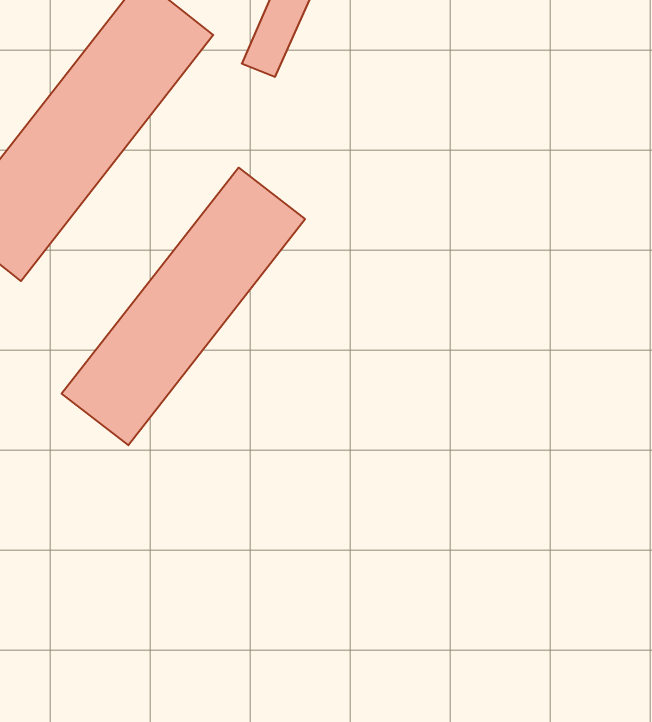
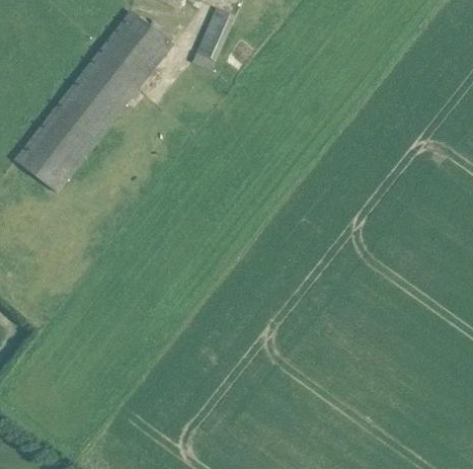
building: [62,168,305,445] -> none

